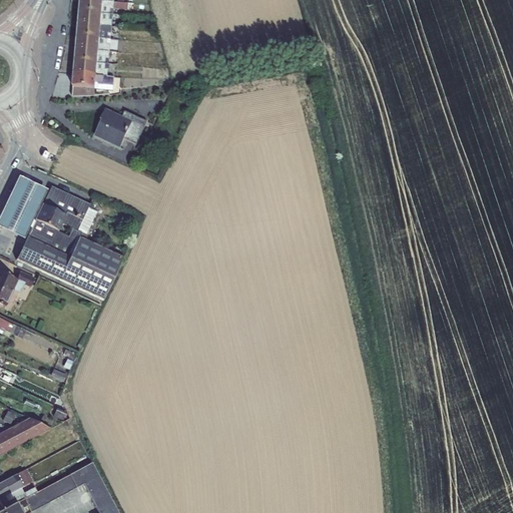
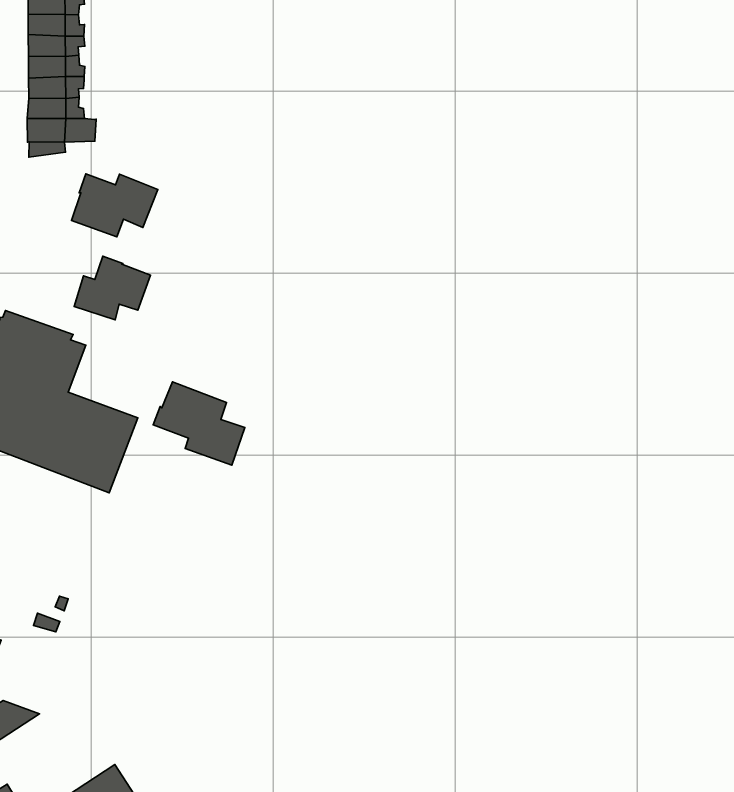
building: none -> [74,256,150,320]
building: none -> [153,382,245,465]

